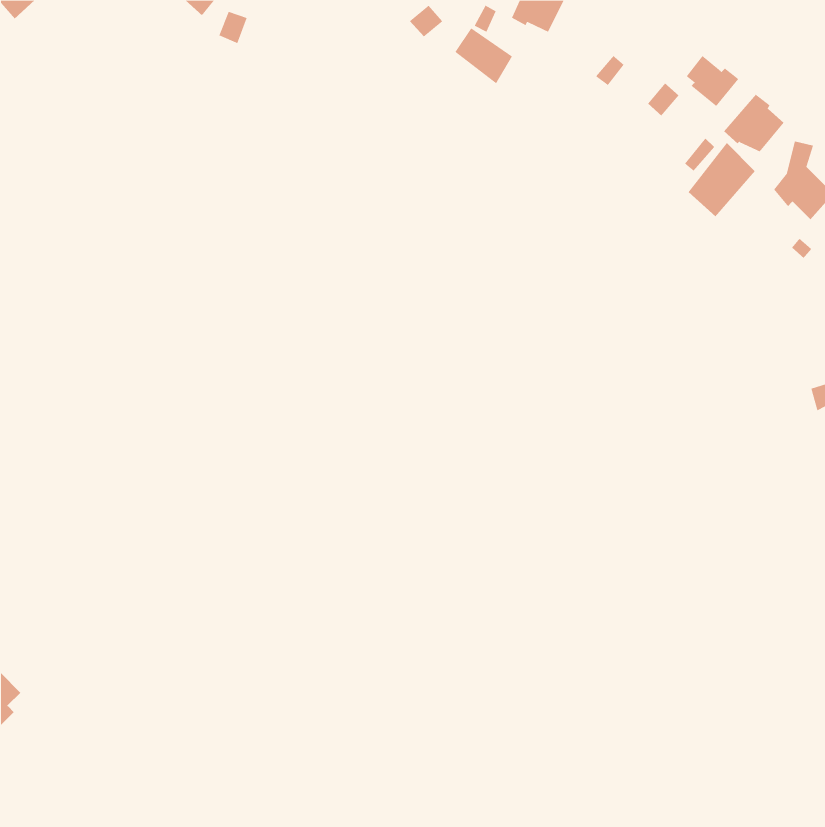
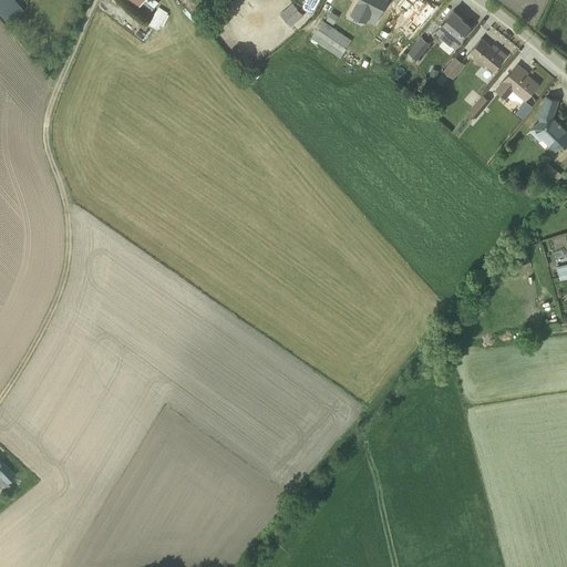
building: none -> [435,10,471,54]
building: [688,142,756,217] -> none

